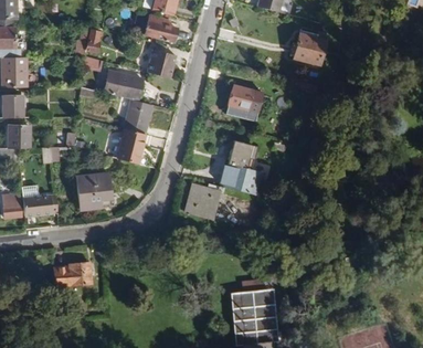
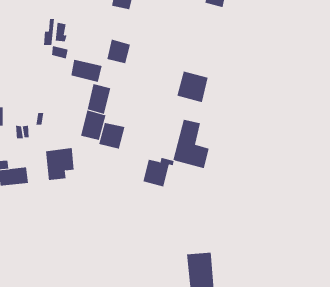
building: [146,15,177,40] -> none
building: [294,34,326,64] -> none
building: none -> [99,122,125,150]
building: [55,262,92,286] -> none

